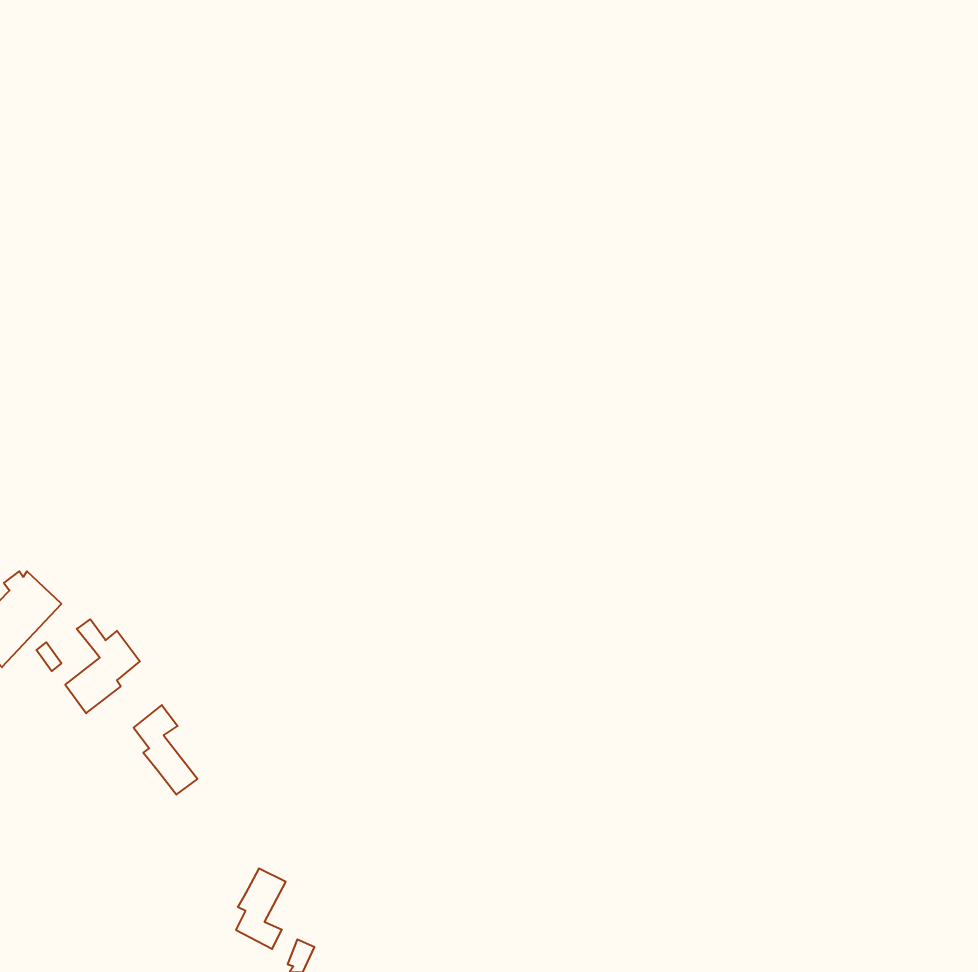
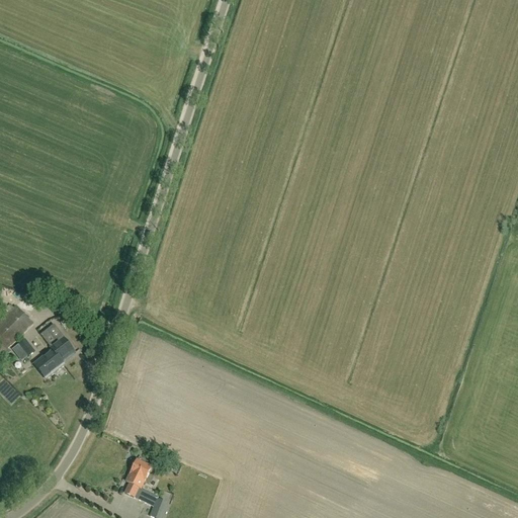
building: [134,705,197,795] -> none

